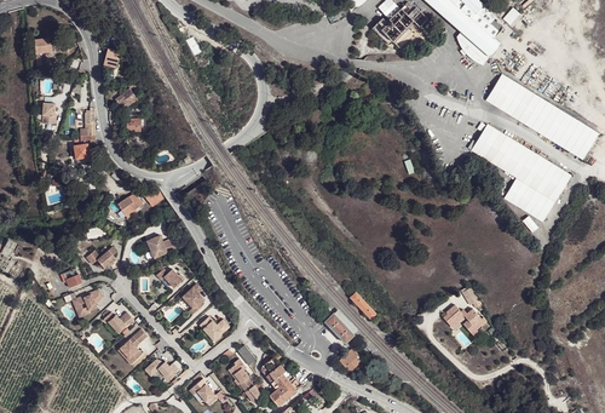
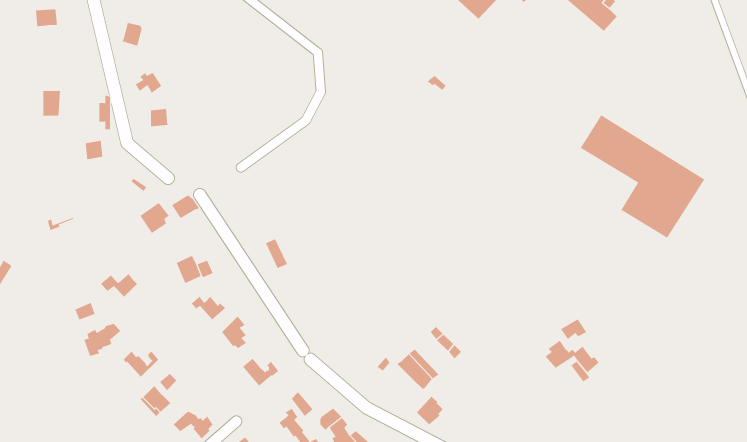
building: [484,74,597,160] -> none

